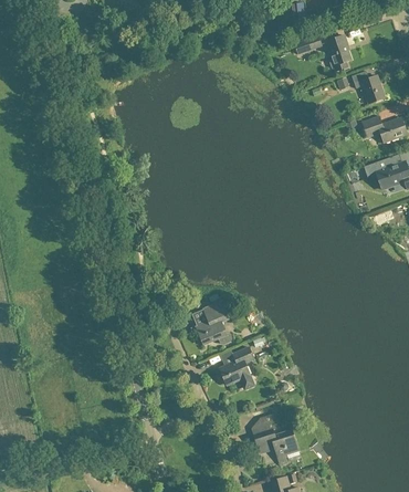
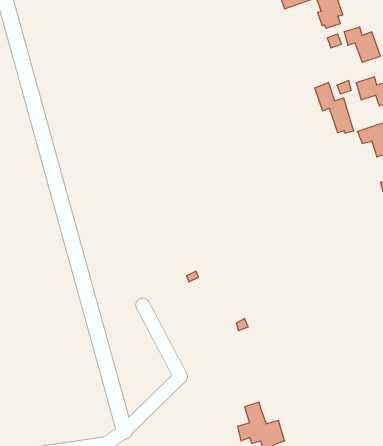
building: none -> [315,82,354,133]
building: [195,301,231,345] -> none
building: [218,347,253,388] -> none

